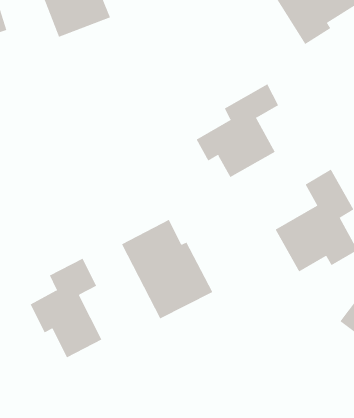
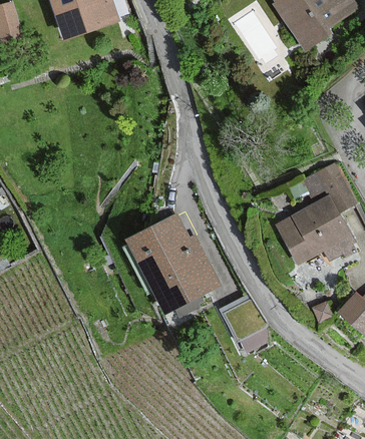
building: [196,84,279,178] -> none
building: [30,258,102,358] -> none

